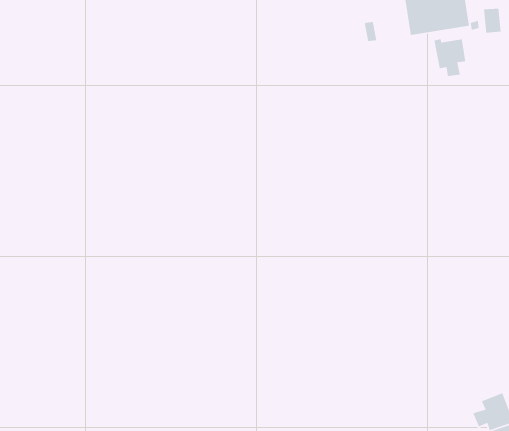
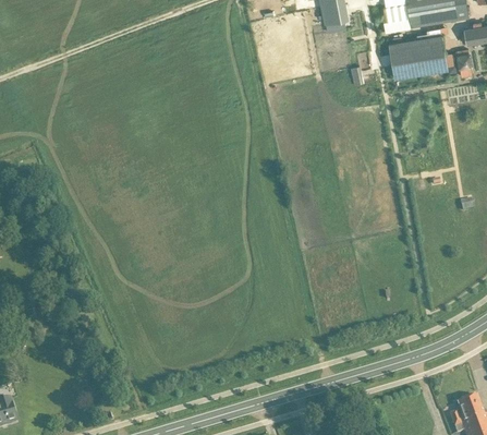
building: [434,38,466,77] -> none

